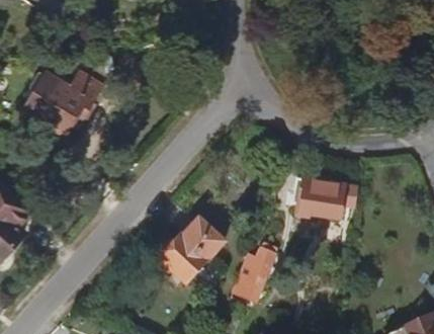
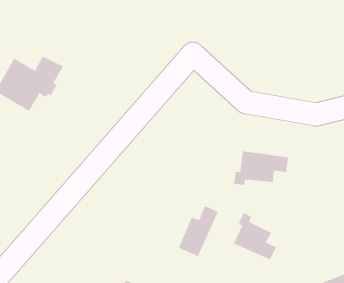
building: [156,219,221,283] -> none
building: none -> [233,212,277,261]

